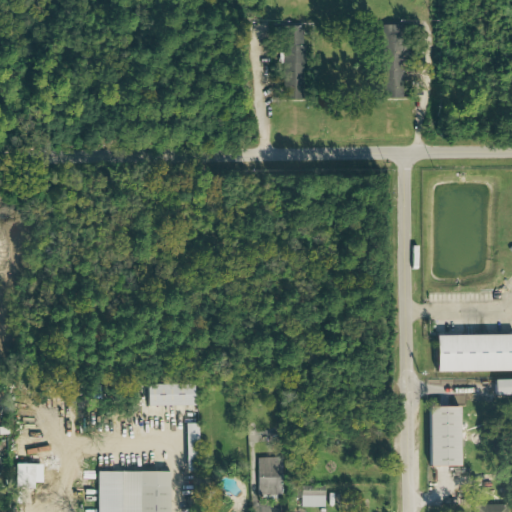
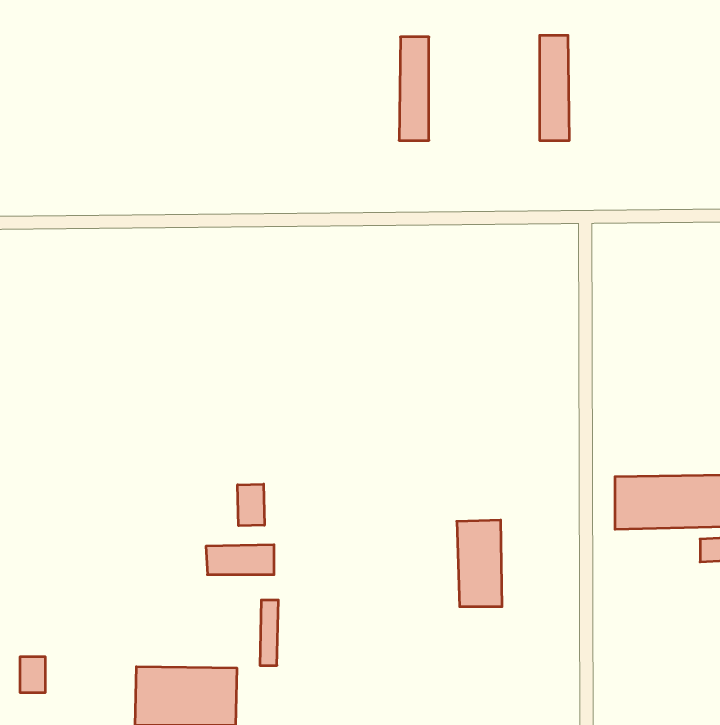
building: none -> [238,484,264,526]
building: [430,405,462,466] -> [457,520,502,607]
building: [259,457,285,495] -> none
building: [303,486,327,507] -> none

